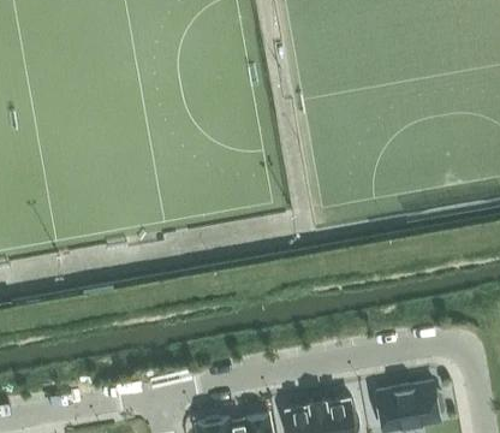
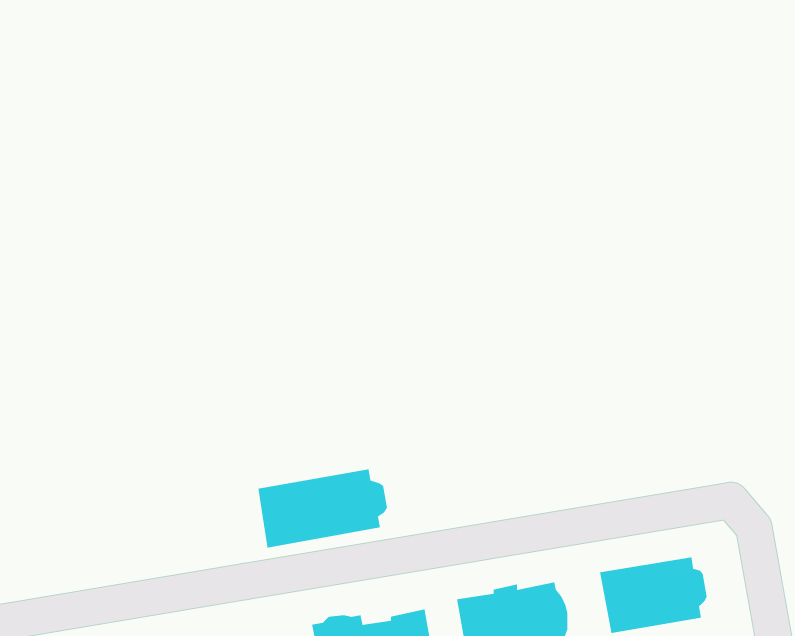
building: none -> [257,469,388,548]

